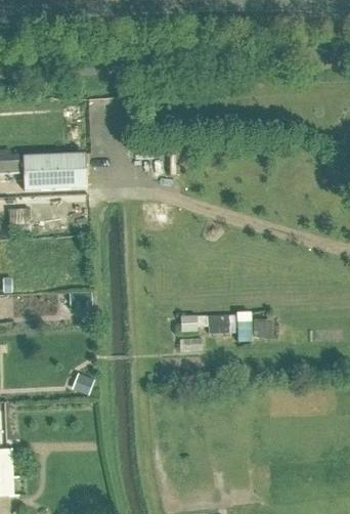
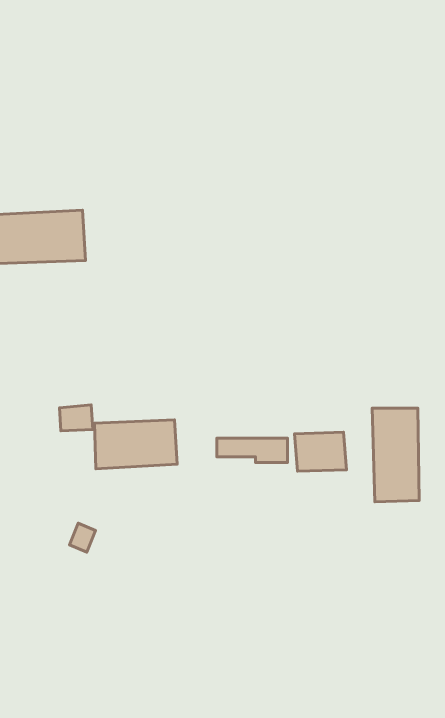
building: none -> [372,408,419,502]
building: none -> [94,420,177,469]

